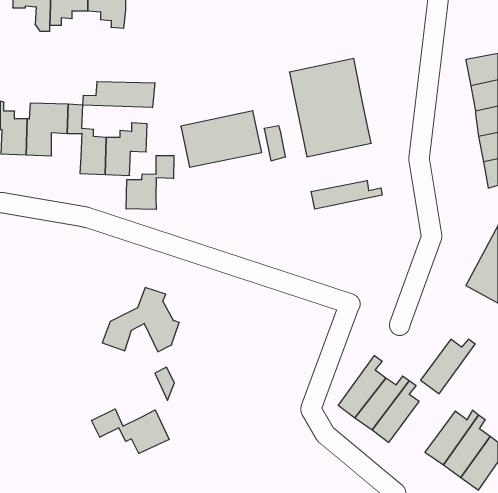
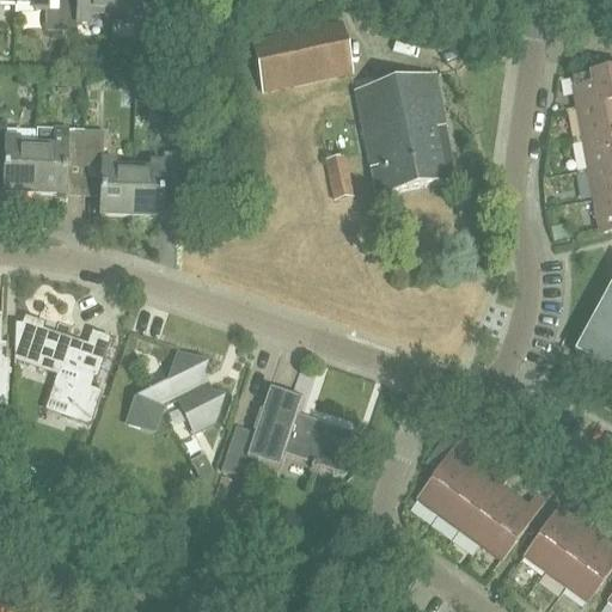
building: [83,81,155,108] -> none
building: [181,111,262,167] -> [252,19,351,88]
building: [126,155,174,209] -> none
building: [311,180,382,209] -> none
building: none -> [12,313,109,423]
building: none -> [220,382,355,475]
building: [421,339,475,394] -> [477,492,544,559]
building: [91,409,169,454] -> none

